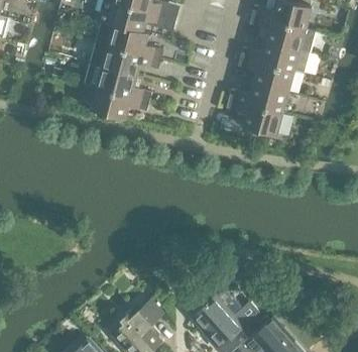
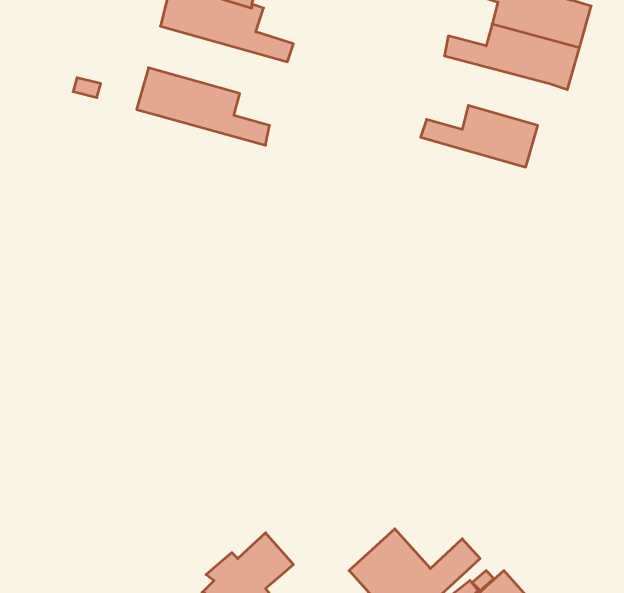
building: [91,41,161,76] -> none
building: [238,56,294,92] -> none
building: [90,87,150,118] -> none
building: [227,98,282,137] -> none

